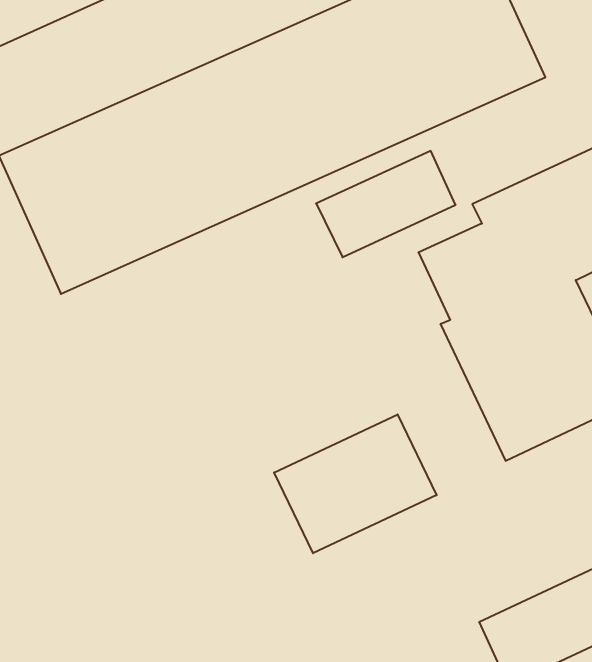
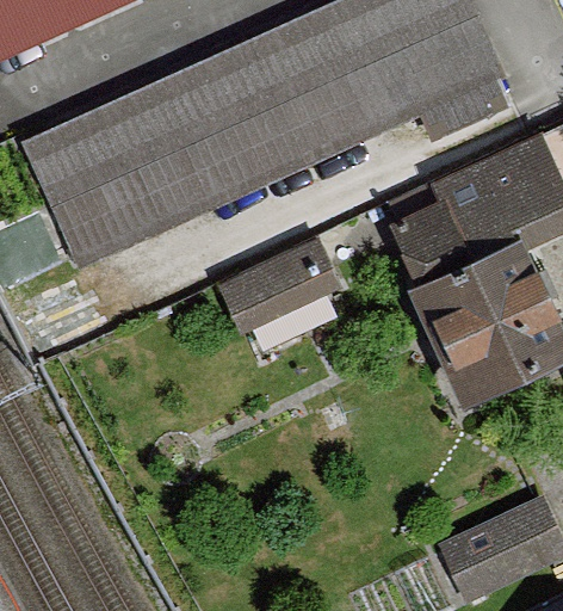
building: [316,151,456,257] -> [219,236,340,328]
building: [274,414,437,553] -> none

